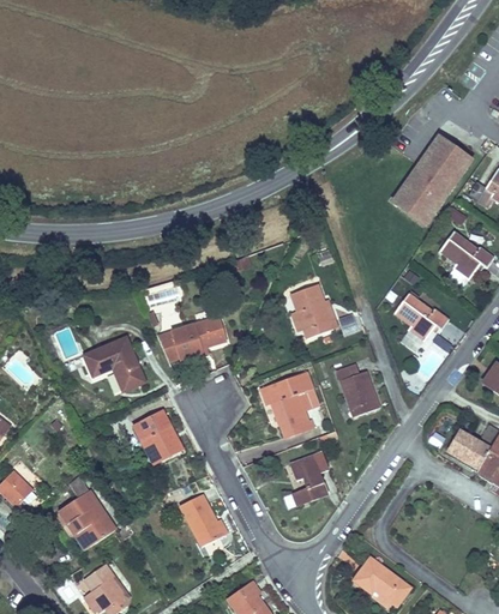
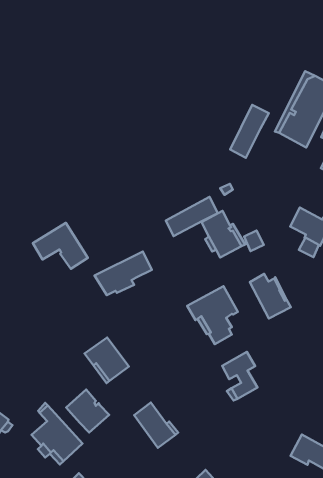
building: none -> [230,105,269,158]
building: none -> [166,197,218,236]
building: [84,336,145,390] -> [33,223,88,269]
building: none -> [66,390,109,433]

